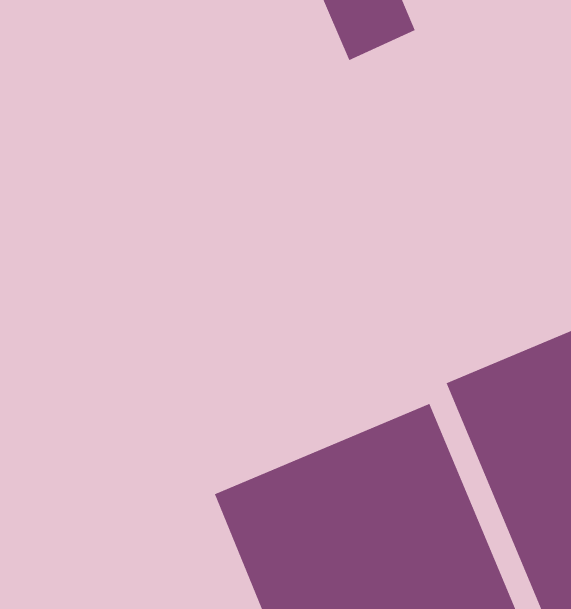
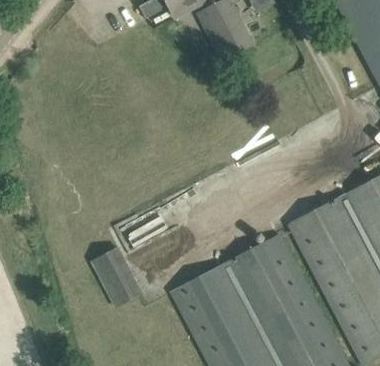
building: none -> [89,245,143,308]

